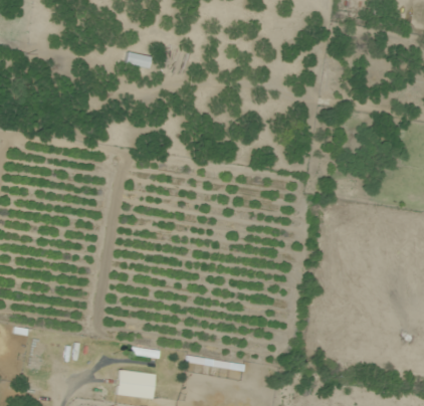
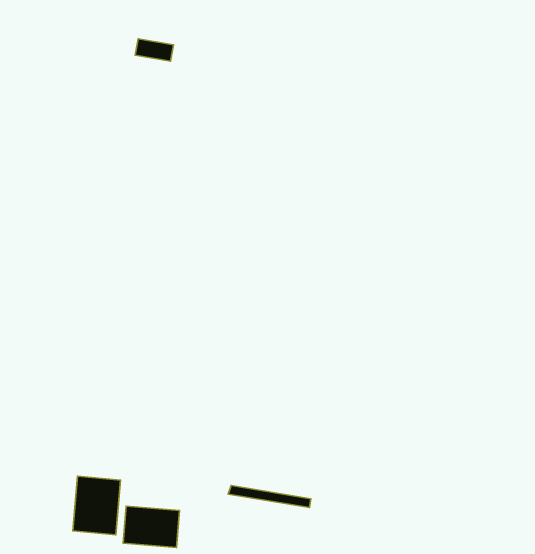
building: none -> [73,476,120,535]

